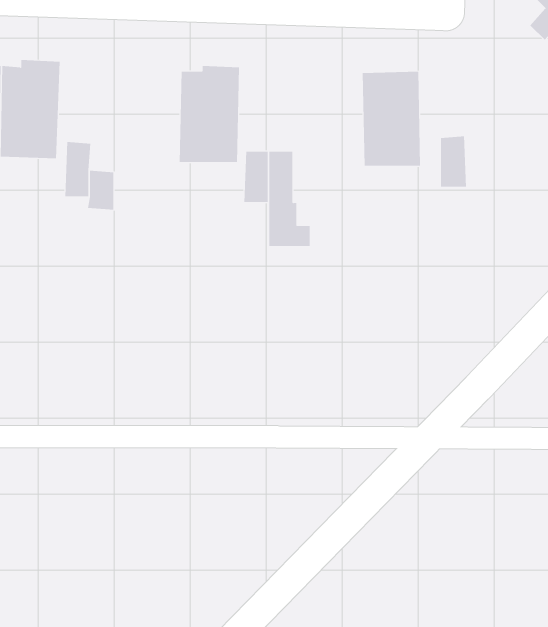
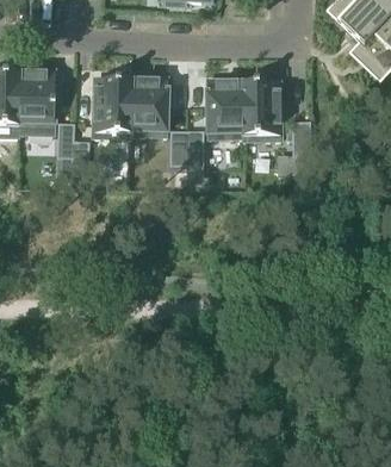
building: none -> [206,76,244,138]
building: none -> [93,77,130,139]

